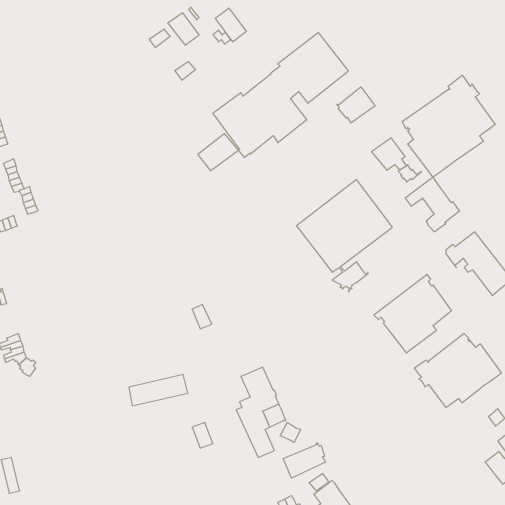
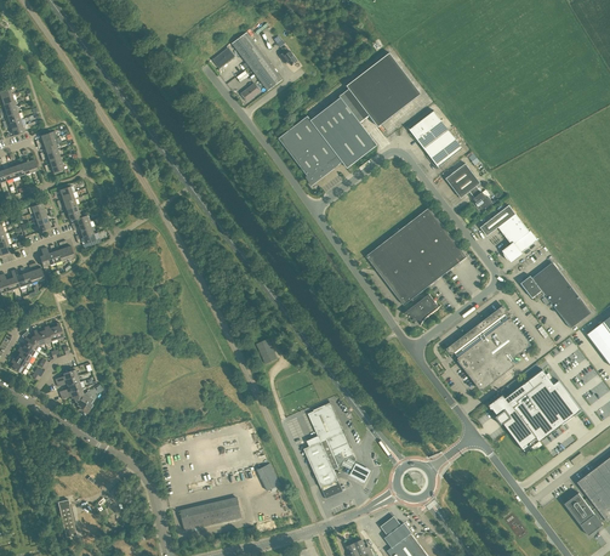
building: [215,8,246,42] -> [249,56,281,91]
building: [402,75,495,177] -> none
building: none -> [422,130,462,170]
building: [198,134,238,171] -> none
building: [129,374,188,406] -> [179,498,241,531]
building: [283,443,326,478] -> none

